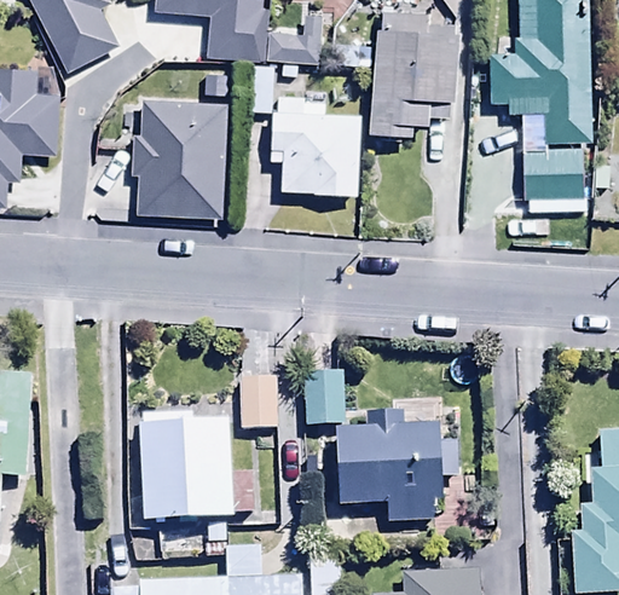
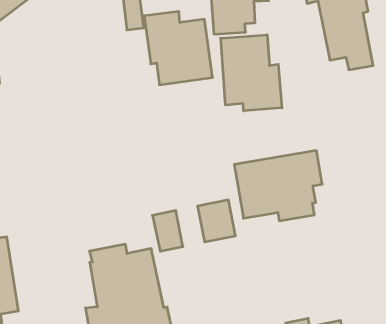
building: [129,98,227,216] -> none
building: none -> [221,35,282,111]
building: [336,428,455,518] -> [234,151,322,221]

